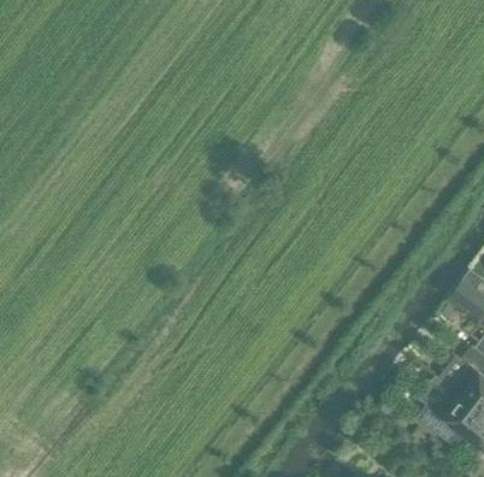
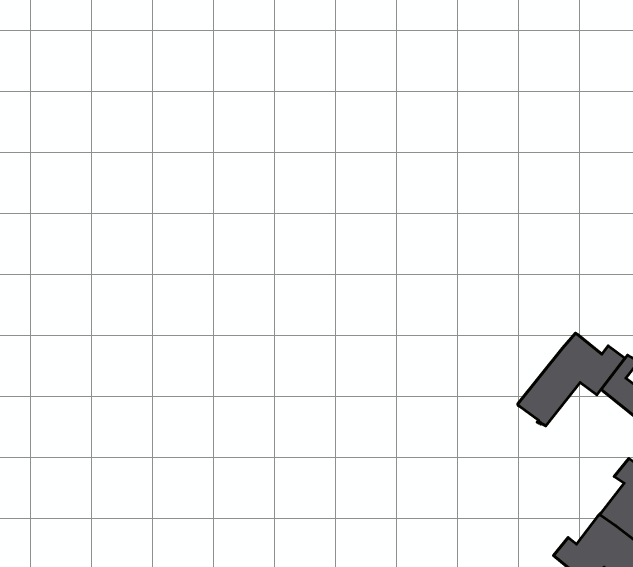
building: none -> [518,333,625,426]

